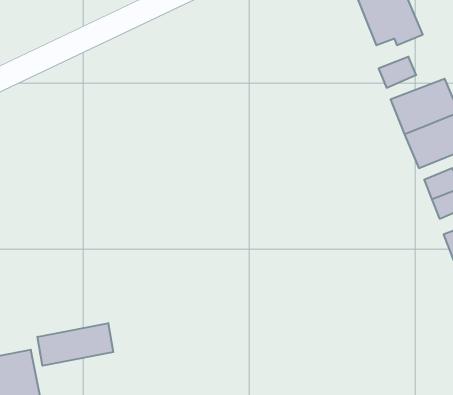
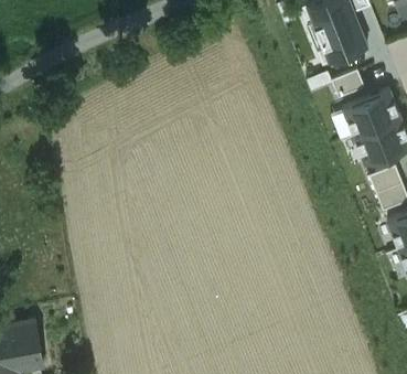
building: [37,323,113,366] -> none

